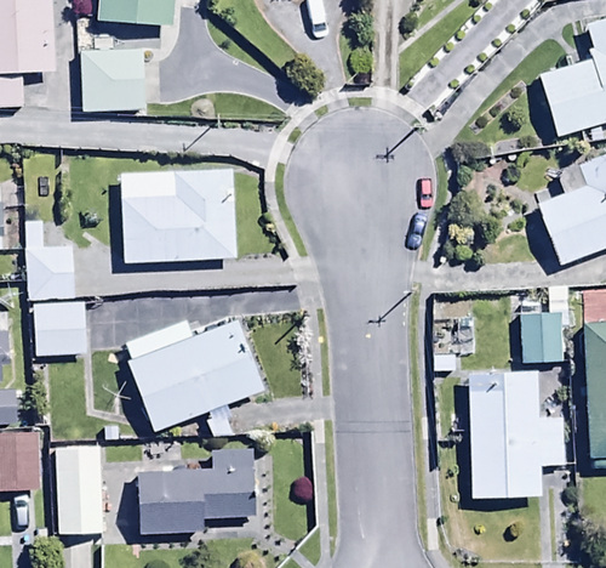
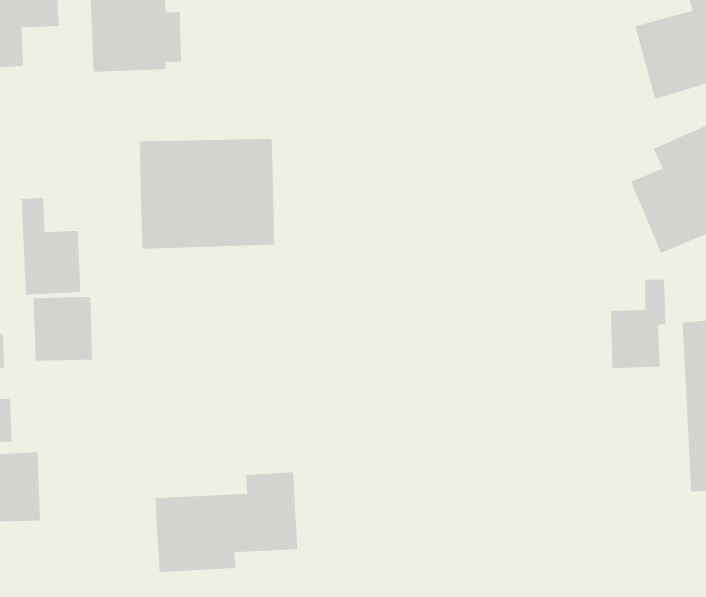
building: [126,319,265,431] -> none
building: [467,368,565,496] -> none
building: [55,444,103,534] -> none

